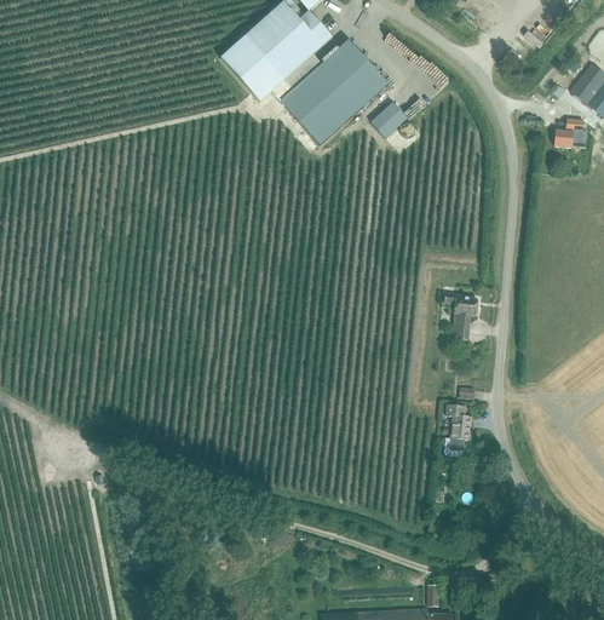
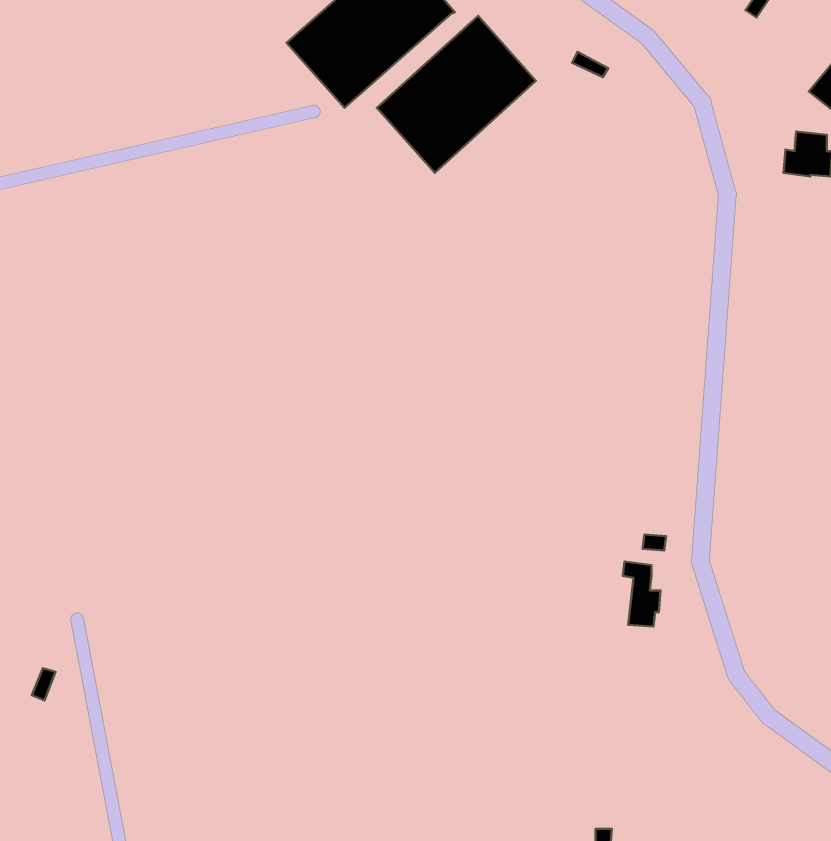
building: [370,102,407,137] -> none
building: [444,291,478,339] -> none

